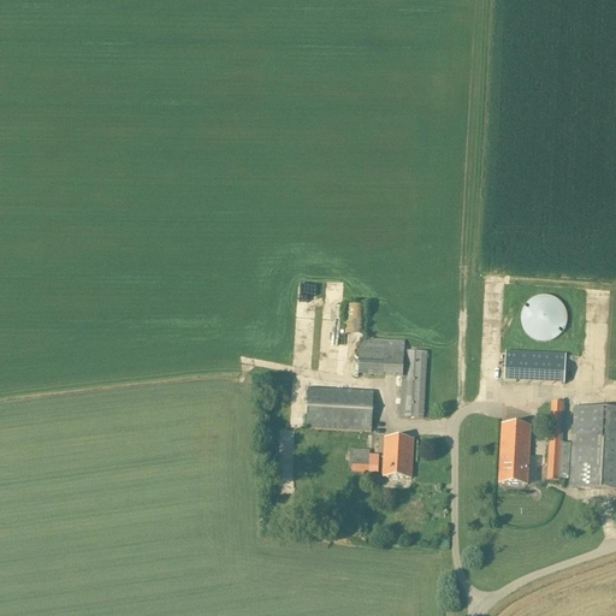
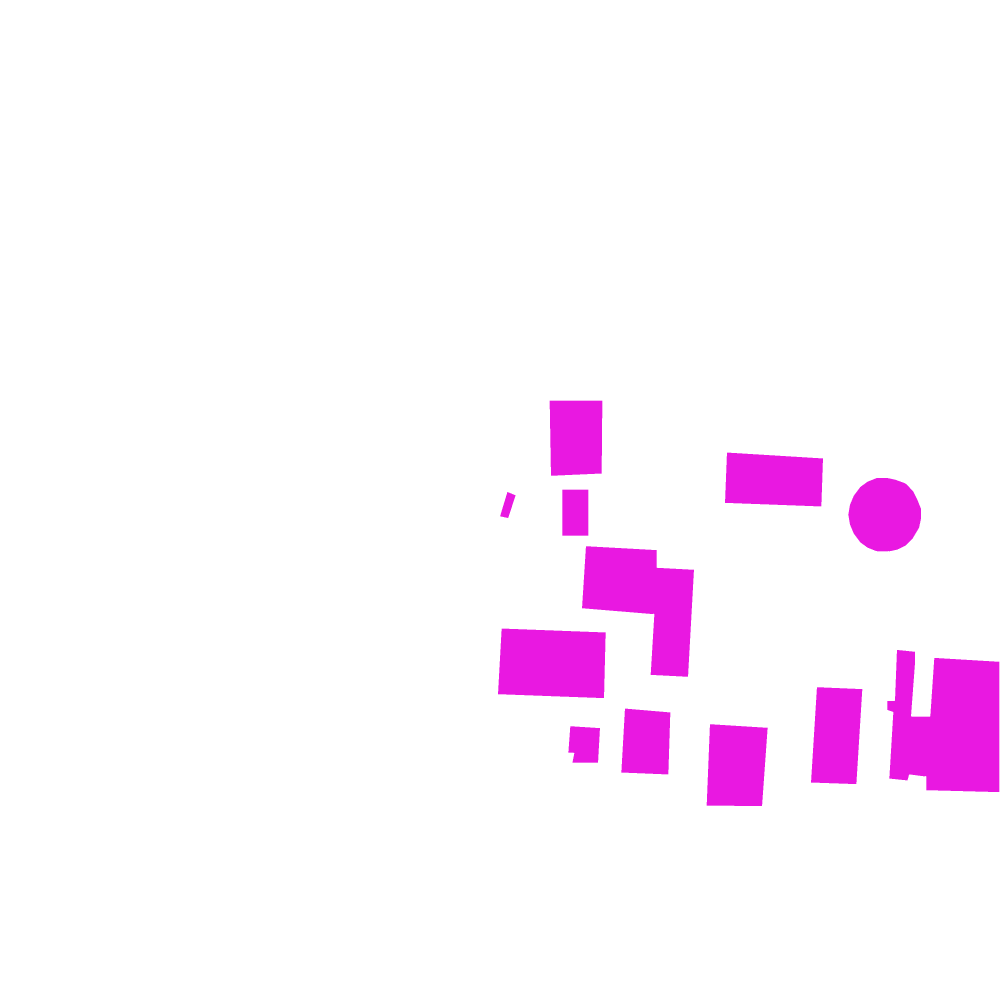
building: none -> [549,400,603,477]
building: [504,349,565,383] -> [724,452,824,507]
building: none -> [706,724,768,807]

